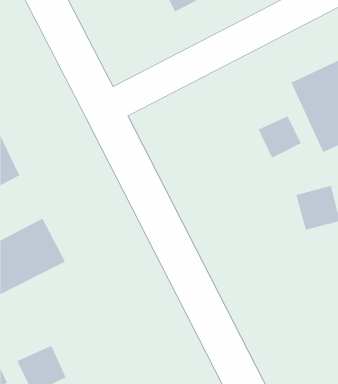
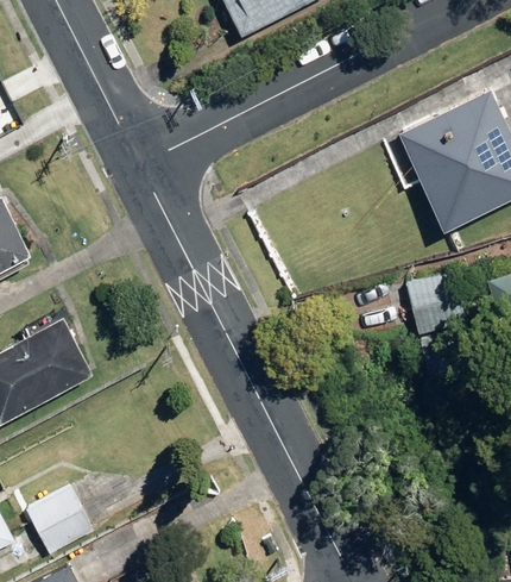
building: [258,115,301,158] -> none

